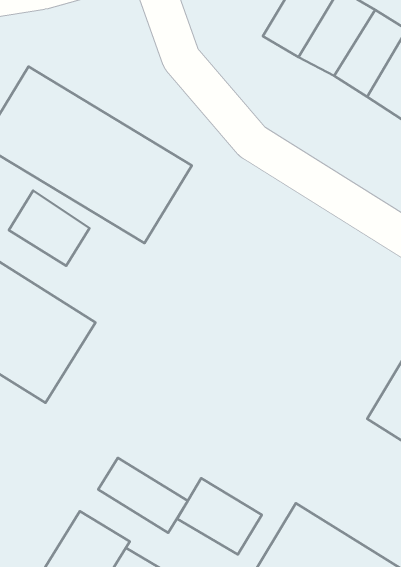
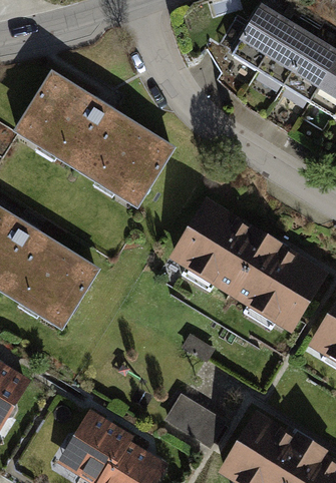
building: [9,190,90,266] -> none
building: none -> [171,195,328,327]
building: [98,458,188,533] -> none

